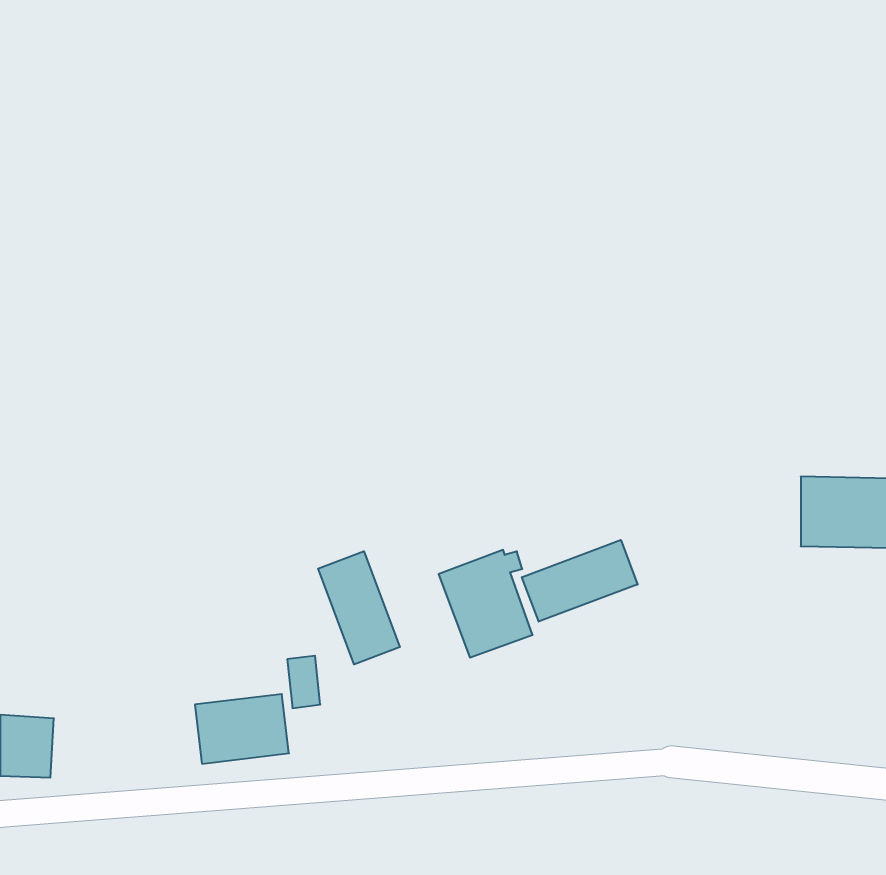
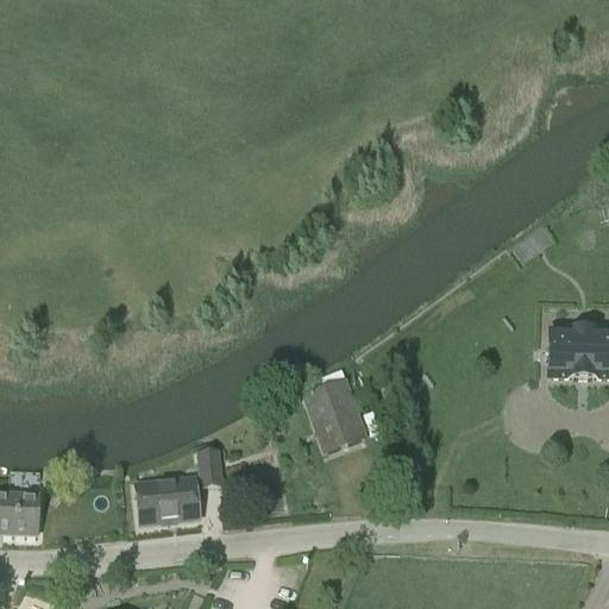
building: [522,540,638,622] -> none
building: [318,551,400,664] -> none

